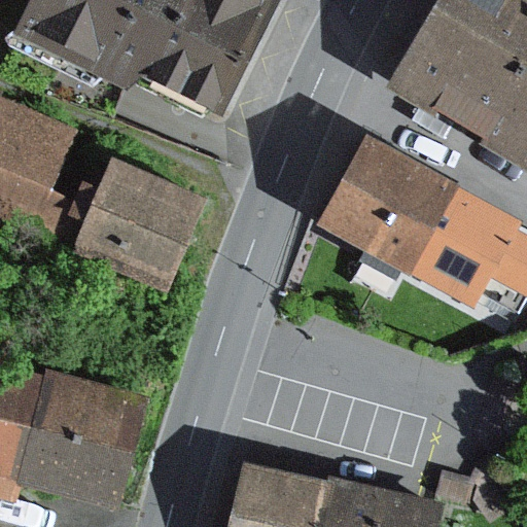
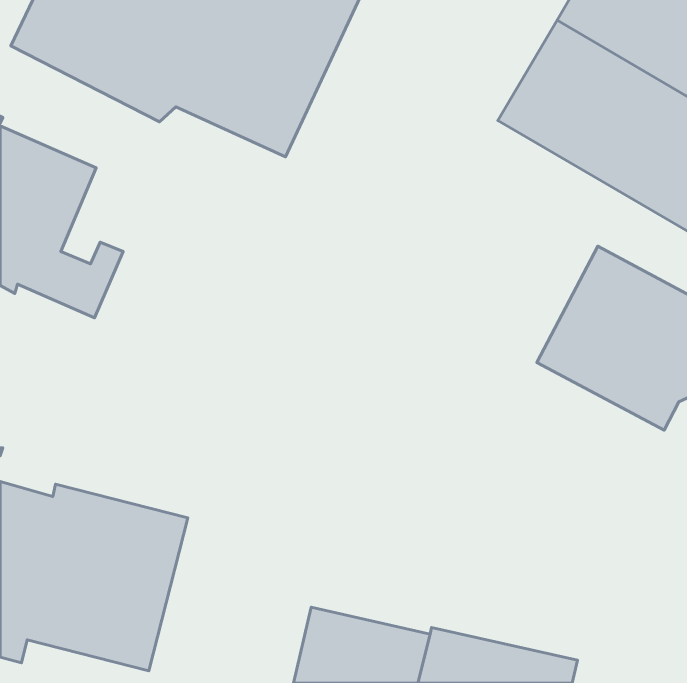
building: [316,138,458,276] -> none
building: [74,160,208,286] -> none

